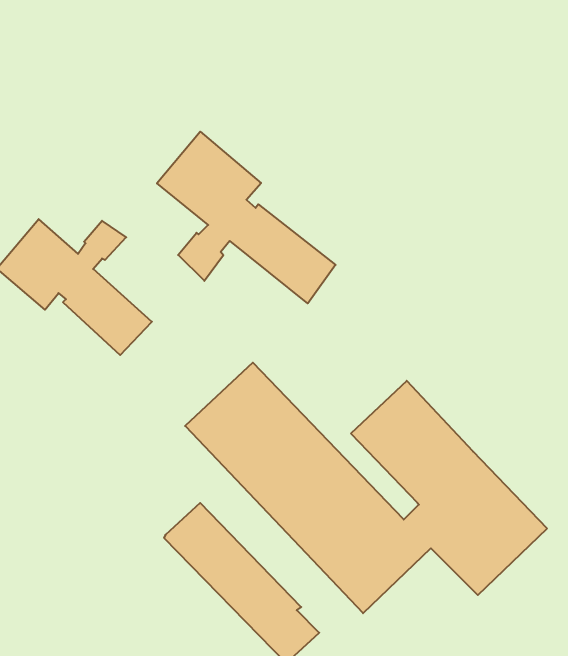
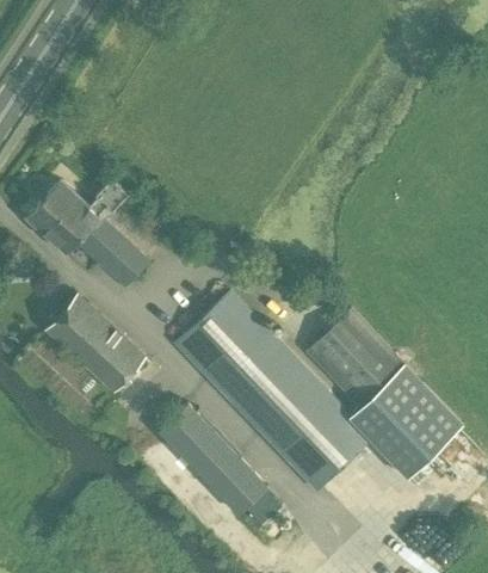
building: [157,132,336,303] -> none
building: none -> [45,295,146,392]

